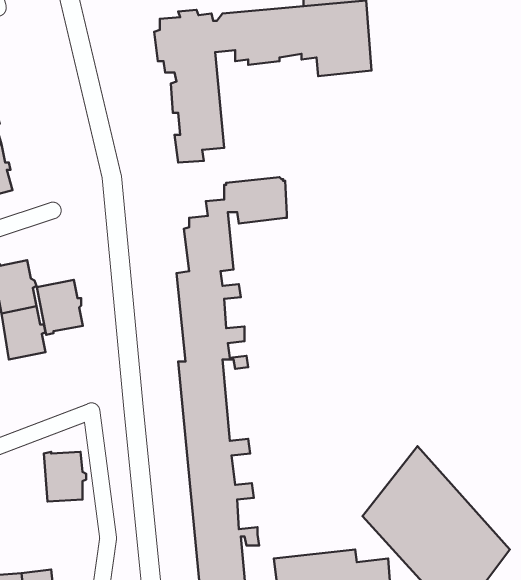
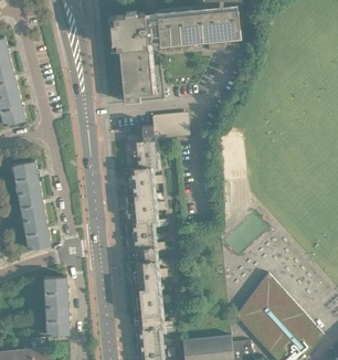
building: [37,280,83,335] -> [22,216,50,250]
building: none -> [45,305,70,335]

